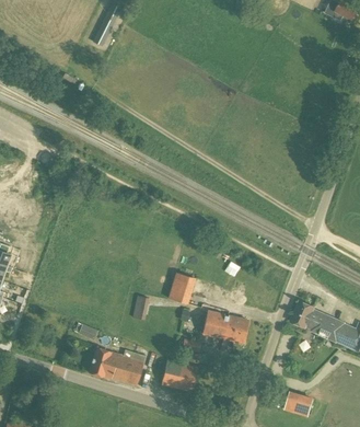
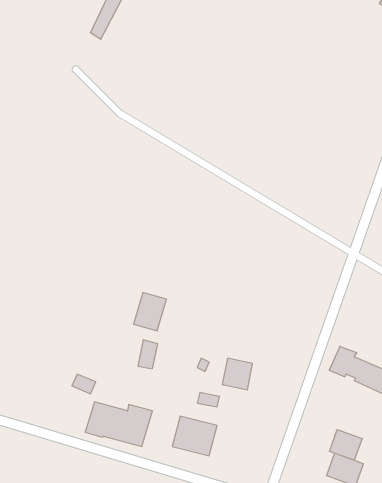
building: [167,273,195,304] -> [134,293,167,331]
building: [223,315,247,342] -> none
building: none -> [329,430,362,460]

